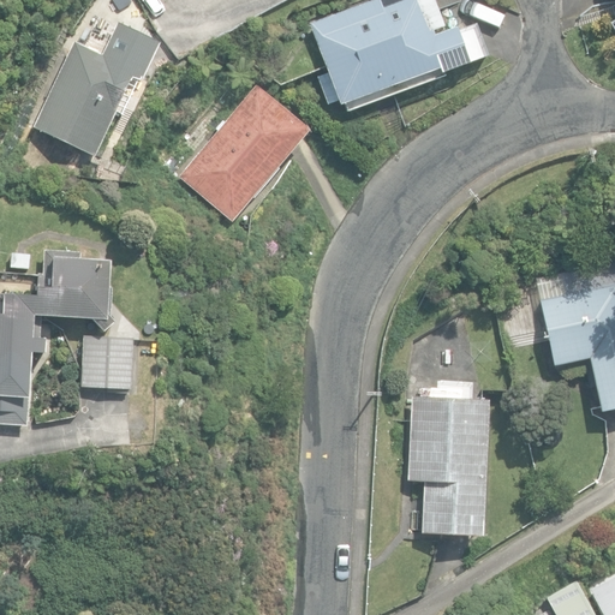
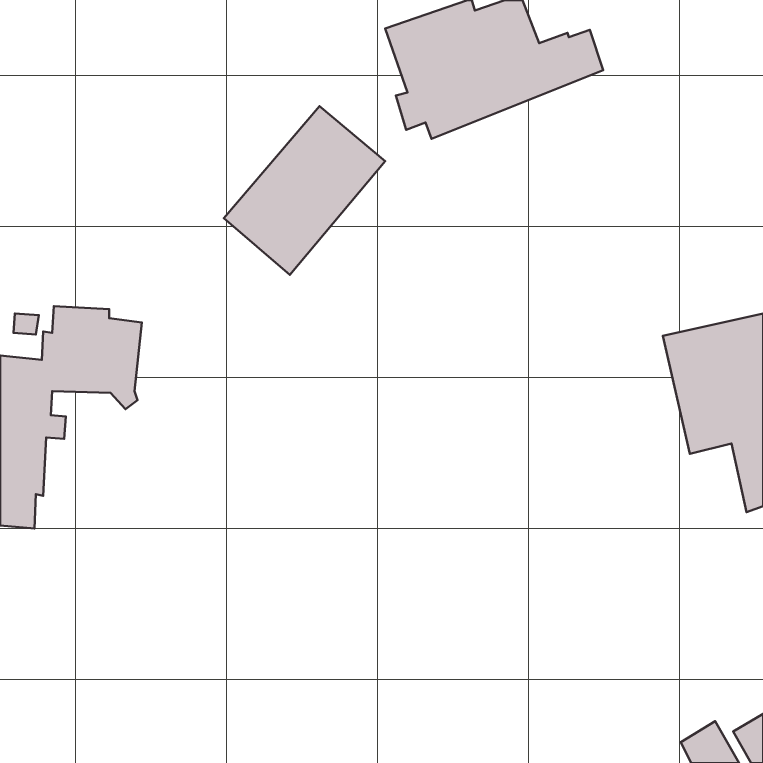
building: [34,41,150,157] -> none
building: [80,340,132,388] -> none
building: [408,394,489,535] -> none

